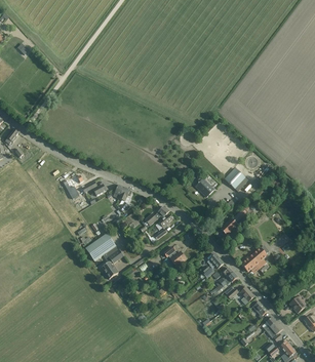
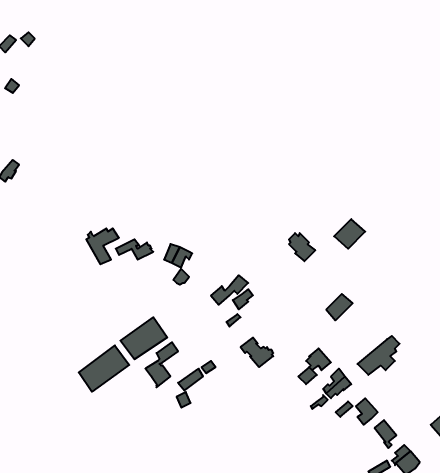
building: none -> [79,345,129,392]

